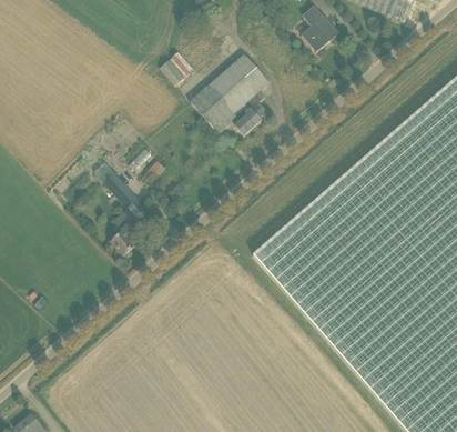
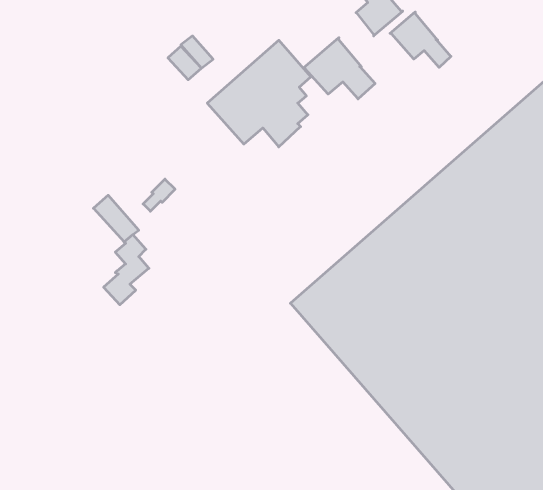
building: none -> [390,12,451,67]
building: none -> [303,38,375,99]

